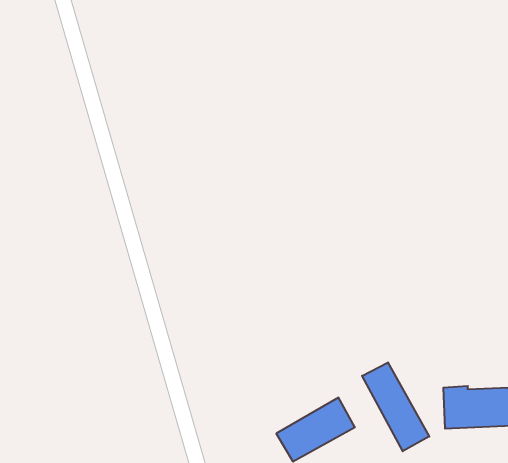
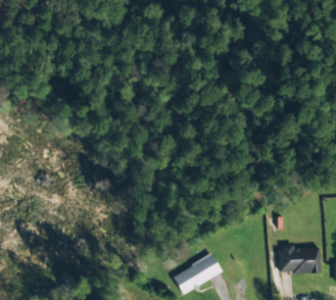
building: [362,362,429,451] -> none

